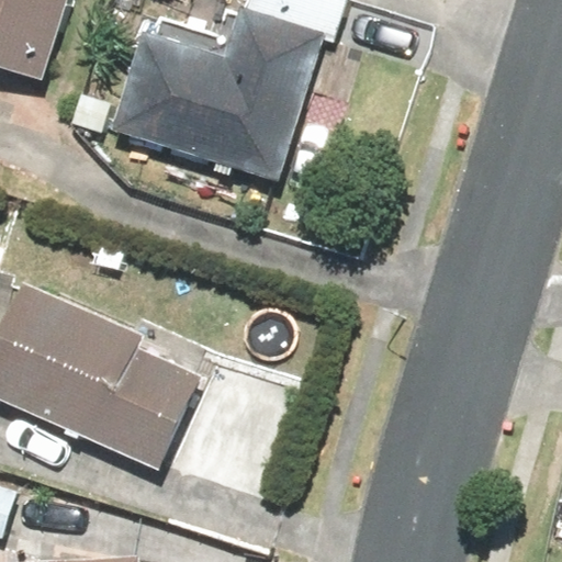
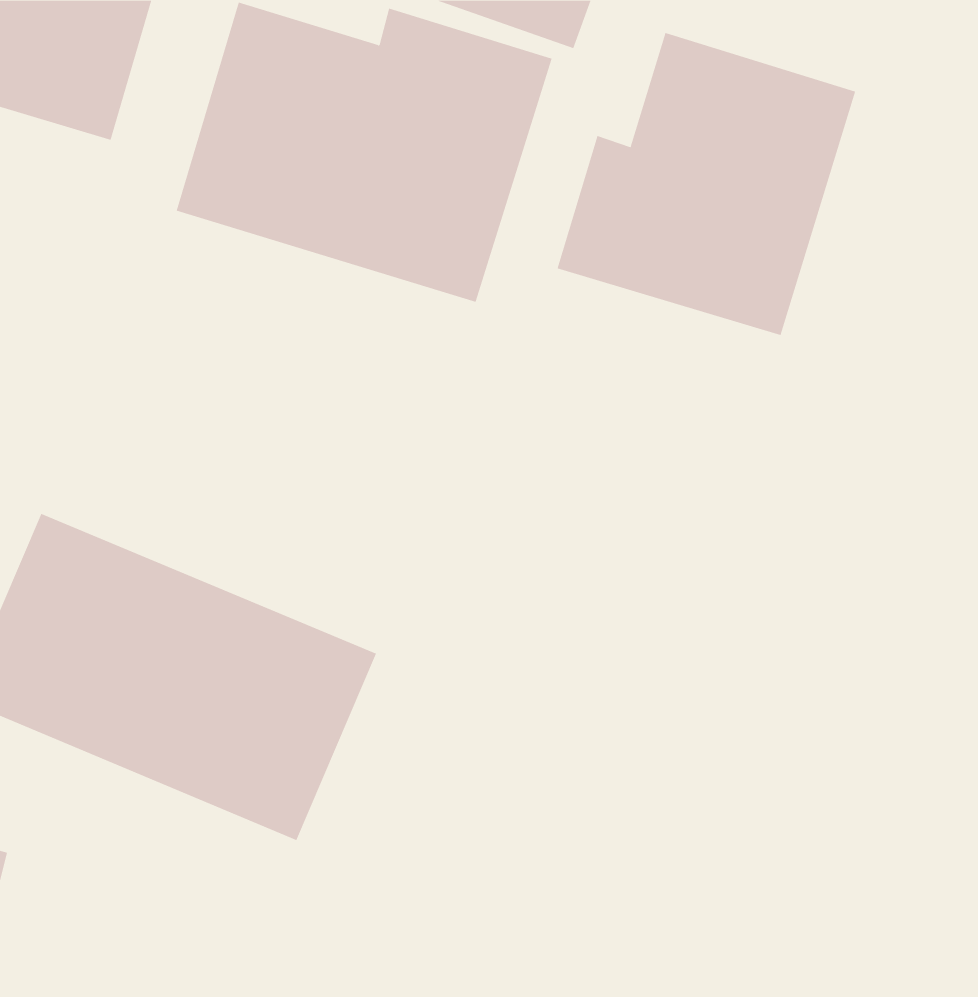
building: none -> [557,32,856,336]

